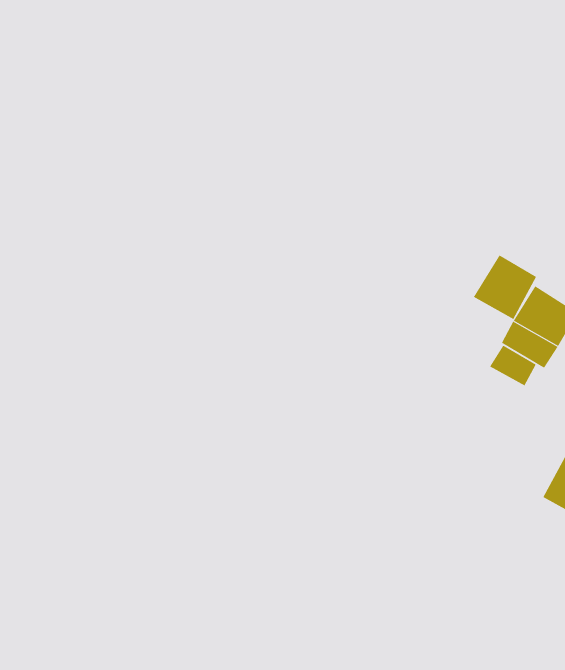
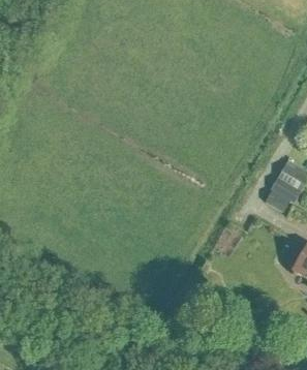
building: [473,255,537,320] -> none

